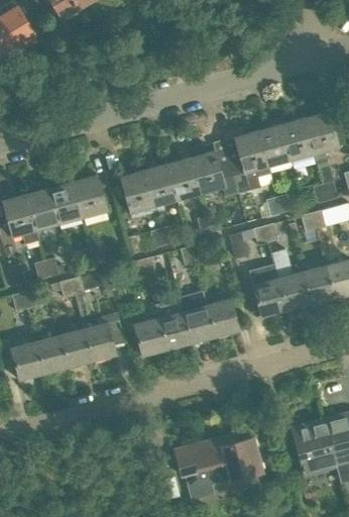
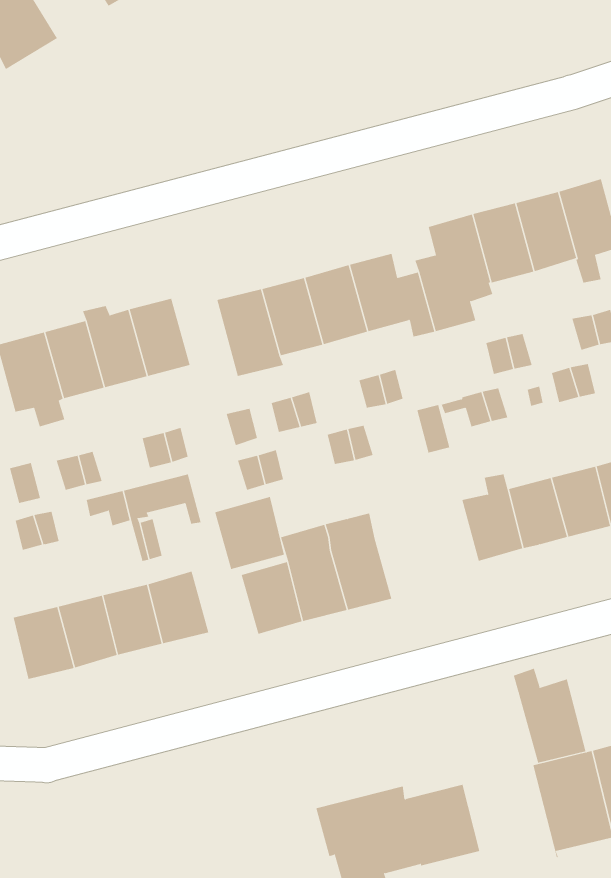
building: none -> [214,496,284,570]
building: [207,298,240,337] -> none
building: none -> [513,668,586,763]

